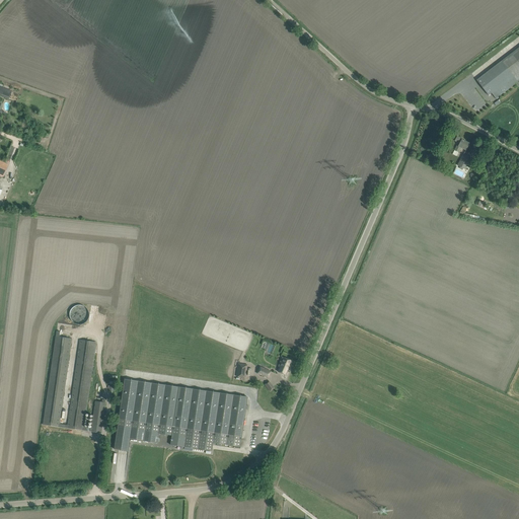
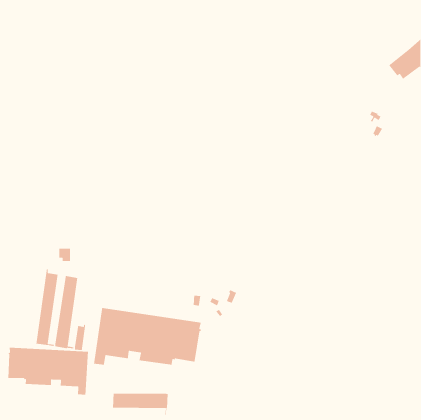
building: none -> [8,347,89,395]
building: none -> [112,393,169,416]

